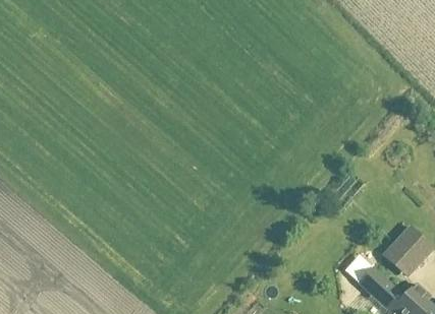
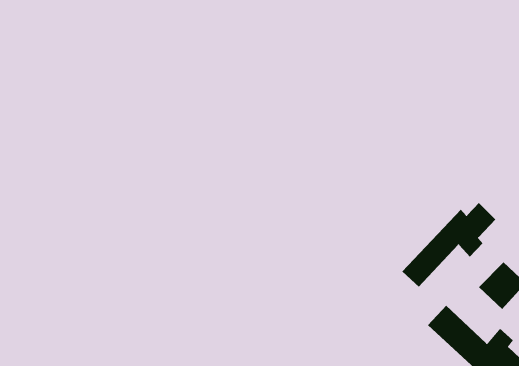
building: none -> [401,202,496,288]

